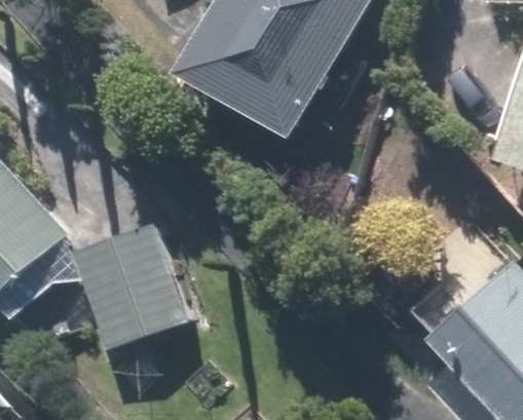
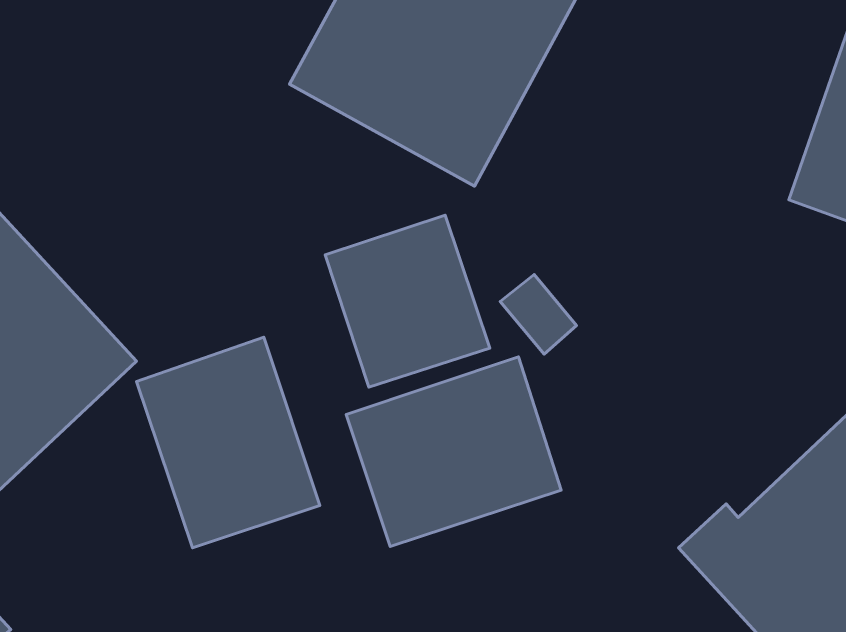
building: none -> [325,215,490,387]
building: none -> [346,357,561,547]

